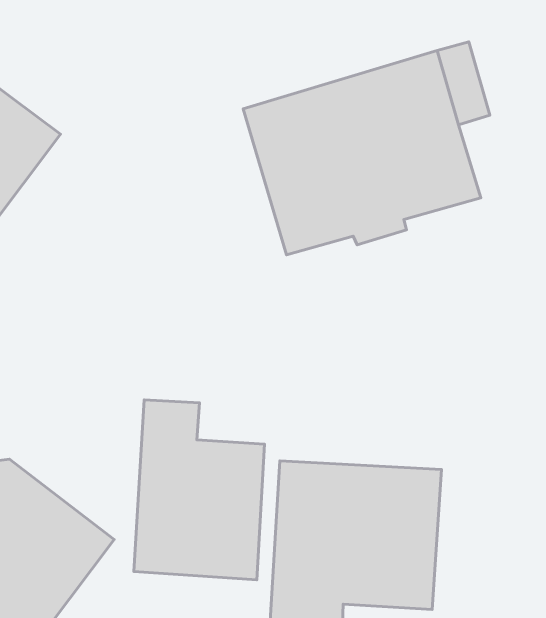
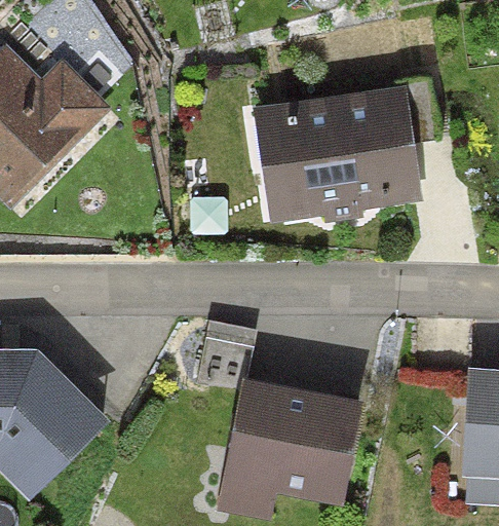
building: [134,400,264,580] -> none

